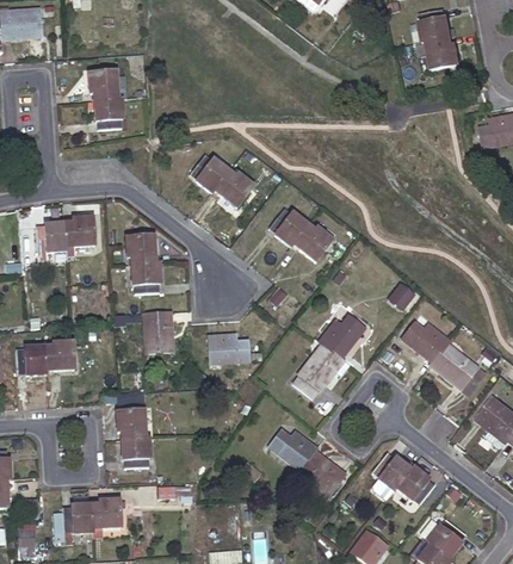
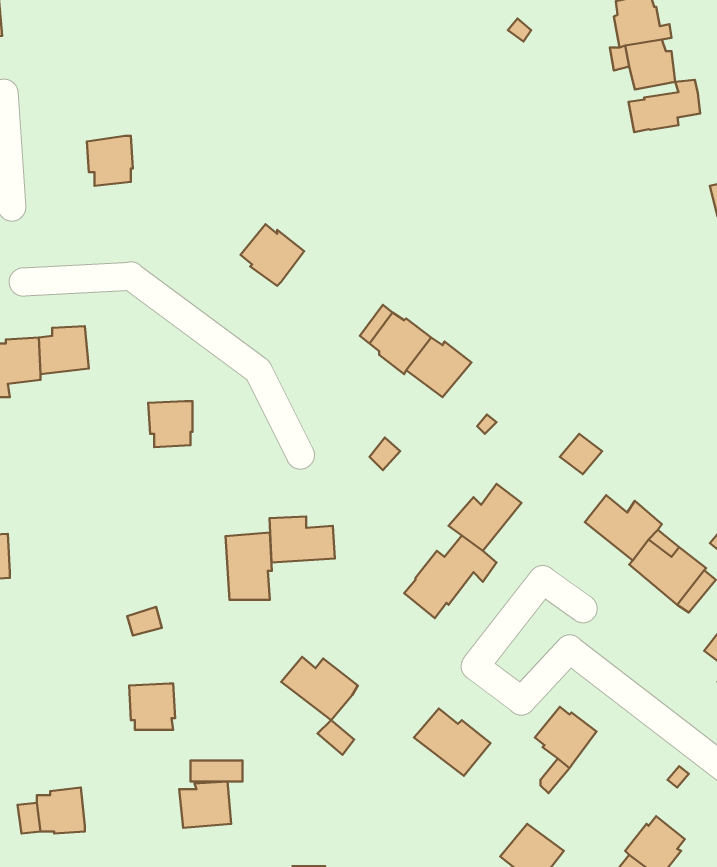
building: none -> [629,80,700,132]
building: [89,70,118,101] -> none
building: [215,169,253,206] -> none
building: [126,235,155,264] -> none
building: [143,310,172,352] -> [226,532,272,600]
building: [45,341,75,368] -> none
building: [116,409,146,439] -> none
building: [268,429,316,469] -> [281,657,358,720]
building: [396,465,433,502] -> none
building: [91,497,123,526] -> [179,782,231,828]

